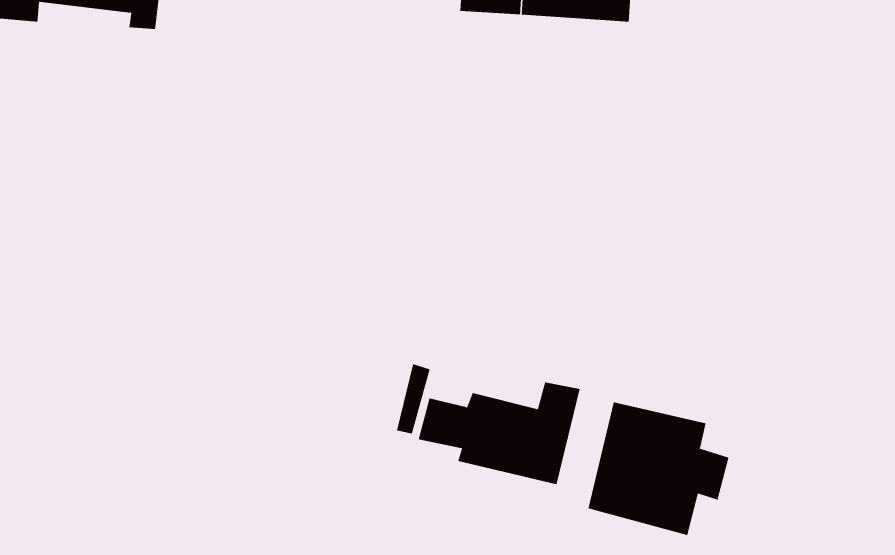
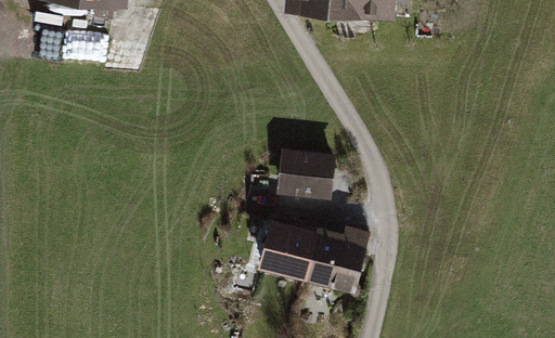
building: none -> [279,155,336,198]
building: [588,401,729,536] -> none

